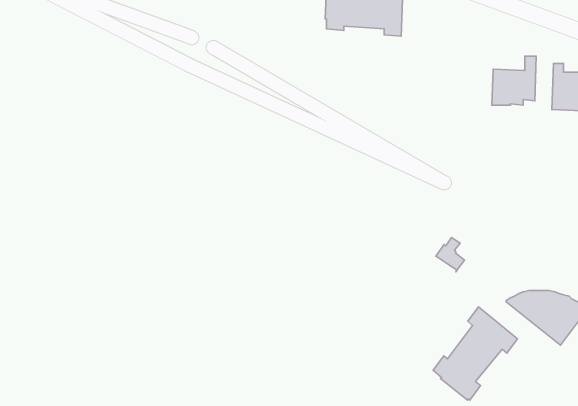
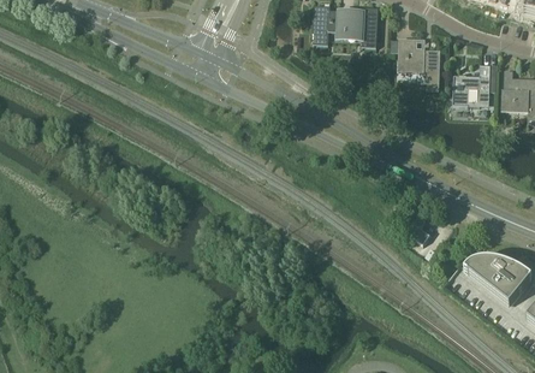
building: none -> [397,39,439,90]
building: [433,307,517,400] -> none

